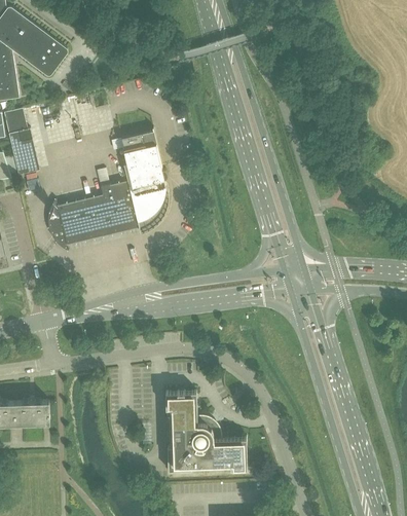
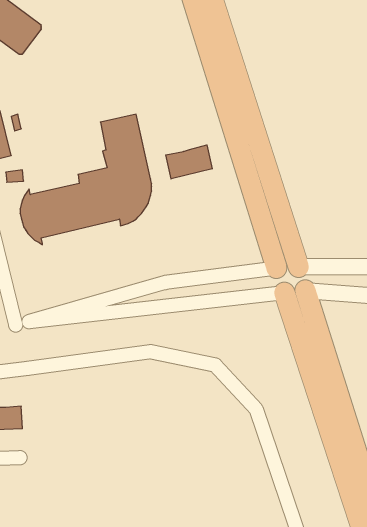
building: none -> [166,145,212,179]
building: [164,391,247,471] -> none

